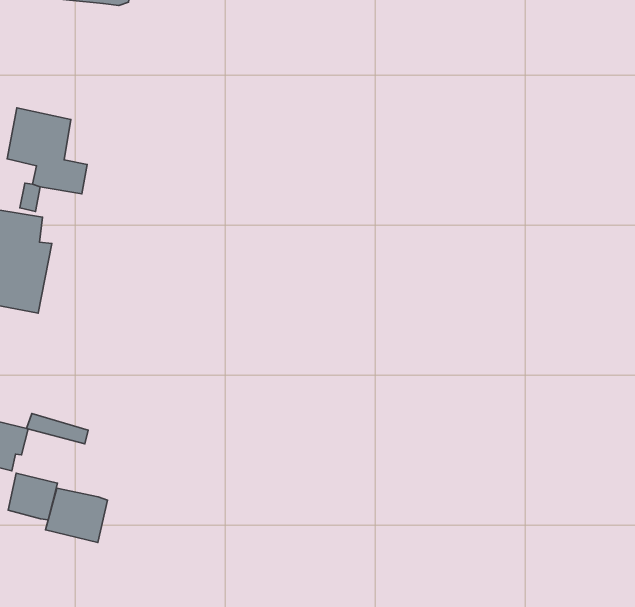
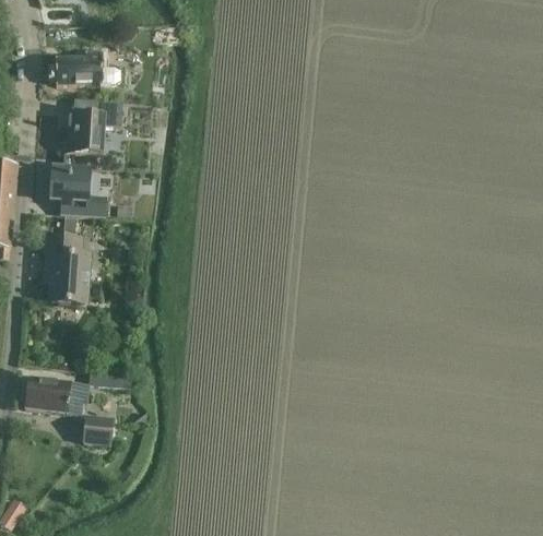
building: none -> [66,99,122,153]
building: [45,488,107,542] -> none

